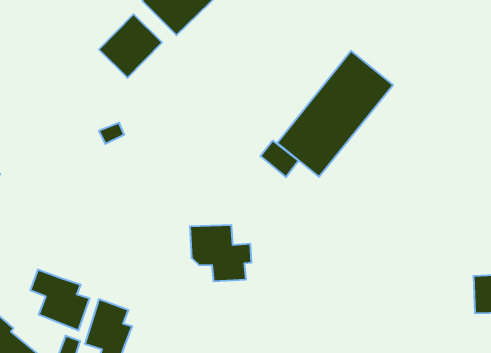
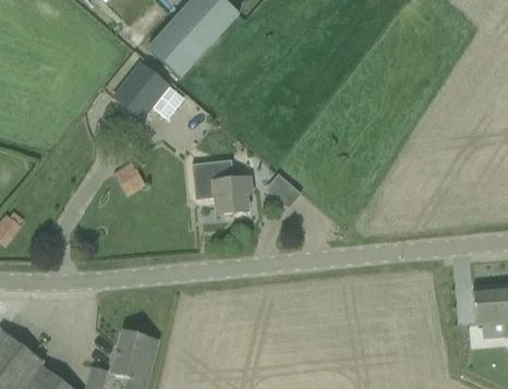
building: [277,51,393,177] -> none
building: [190,225,252,281] -> [192,161,252,215]
building: [31,269,89,331] -> none

